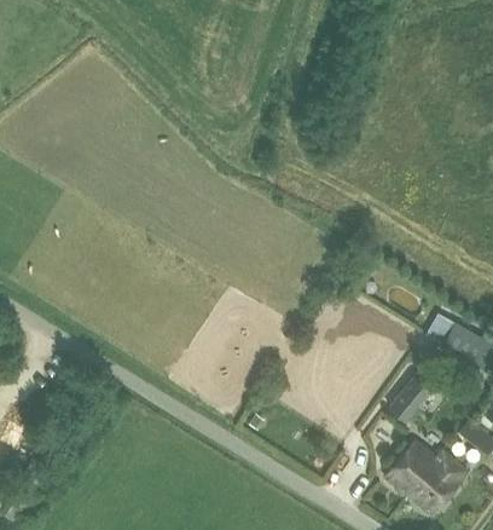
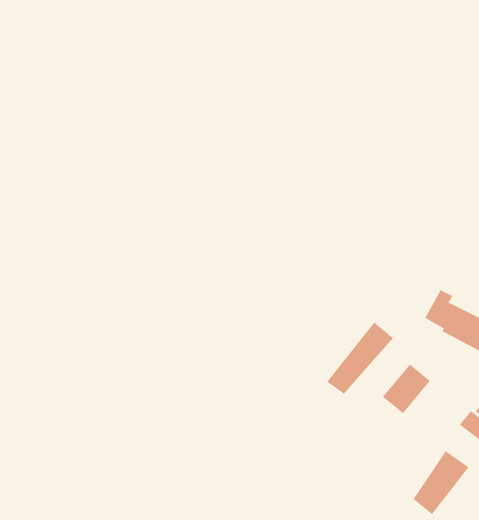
building: none -> [326,321,394,395]
building: [384,440,443,499] -> none

